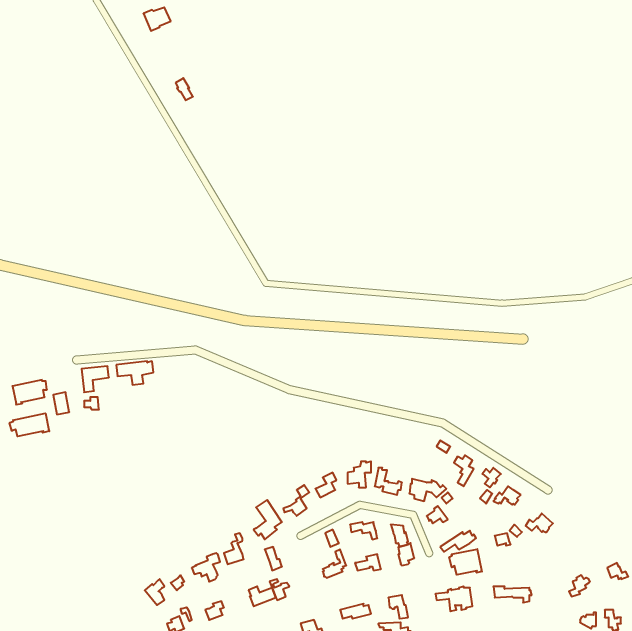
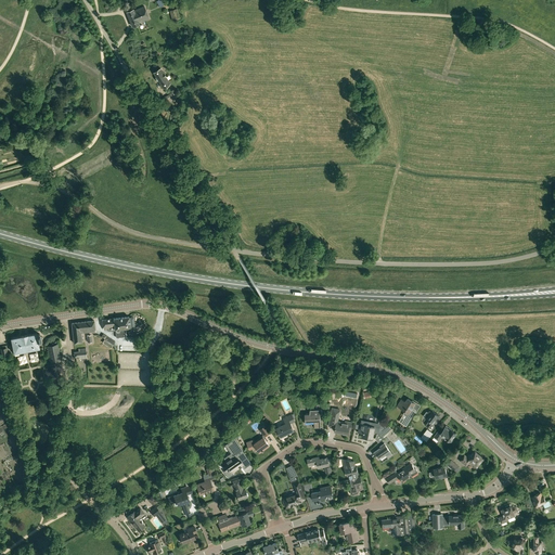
building: [10,413,49,436] -> none
building: [449,549,482,575] -> none

